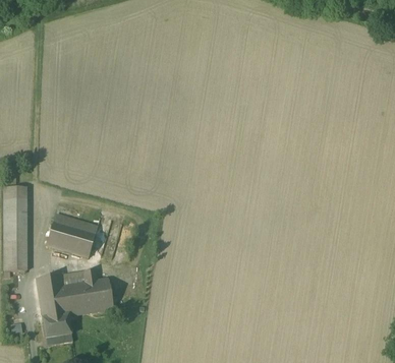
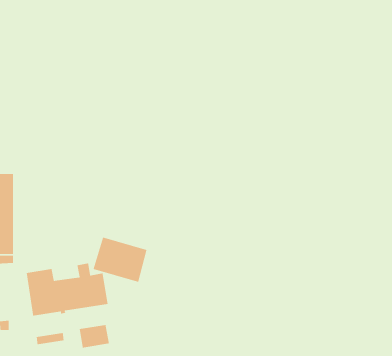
building: [46,214,97,256] -> [93,236,148,283]
building: [43,314,71,337] -> [79,324,110,348]

